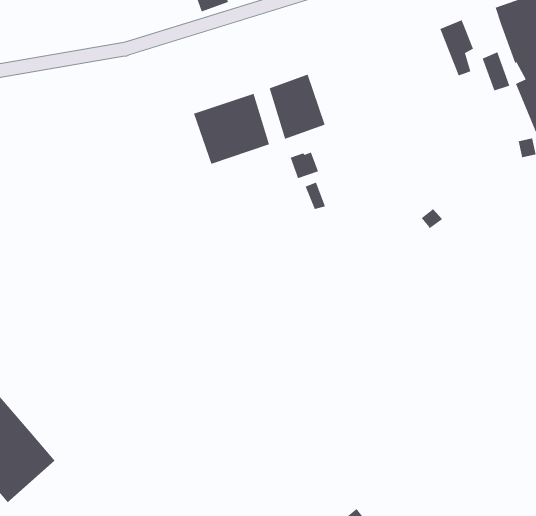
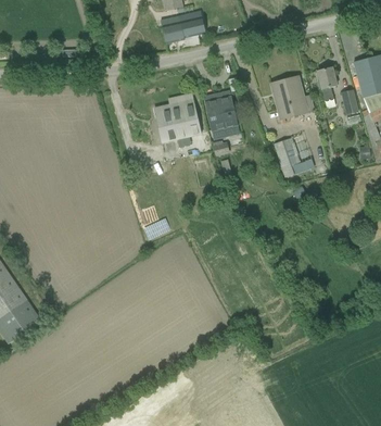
building: none -> [269,75,314,120]
building: none -> [274,134,315,178]

